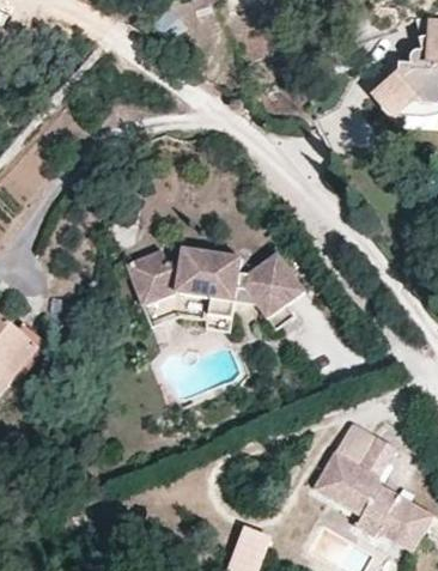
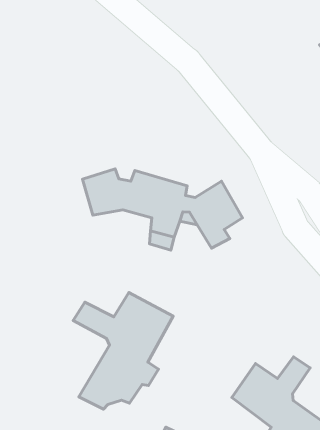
building: none -> [73,293,173,409]

